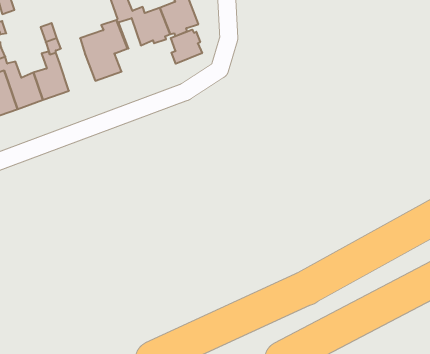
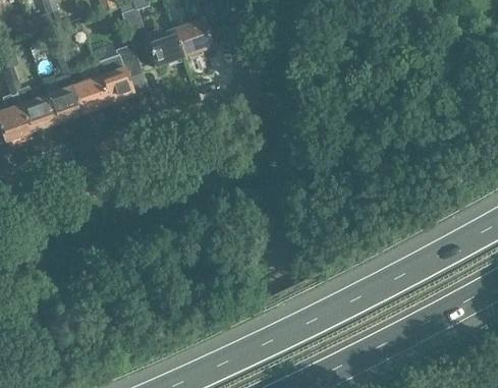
building: [171,30,202,64] -> none
building: none -> [73,77,109,114]

